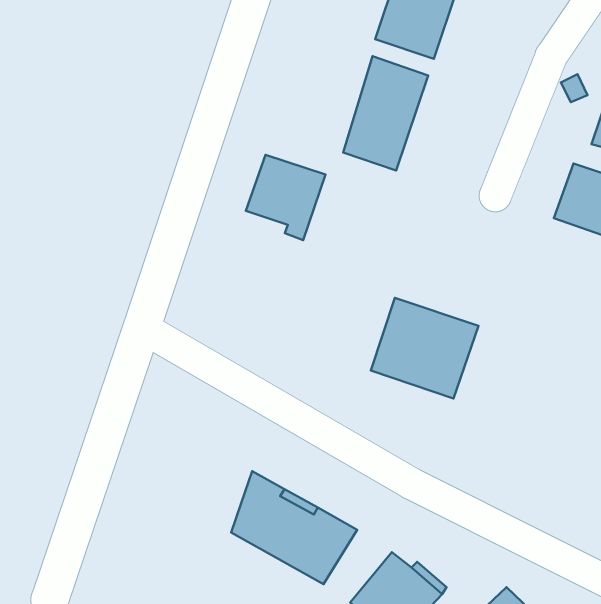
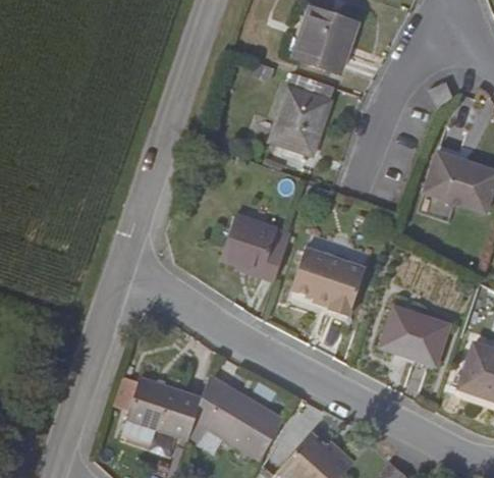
building: [246,155,325,240] -> [234,215,292,277]
building: none -> [386,310,448,366]
building: none -> [120,377,197,440]

